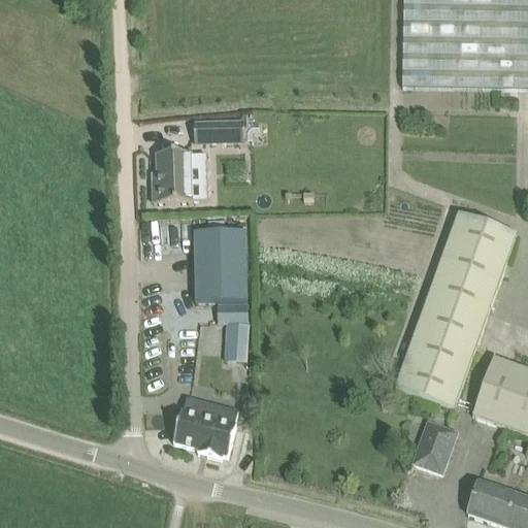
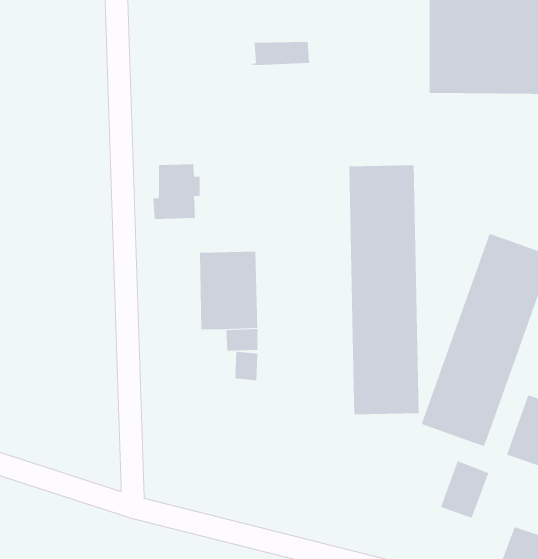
building: [191,119,243,140] -> [252,42,310,65]
building: none -> [349,164,419,415]
building: [173,395,238,457] -> none

